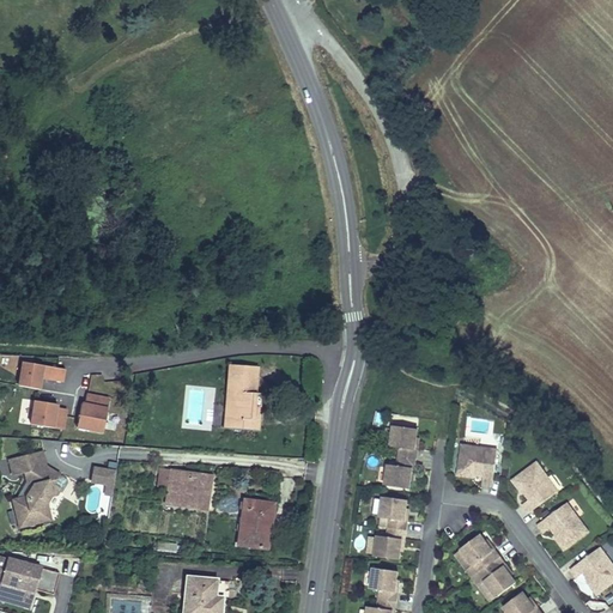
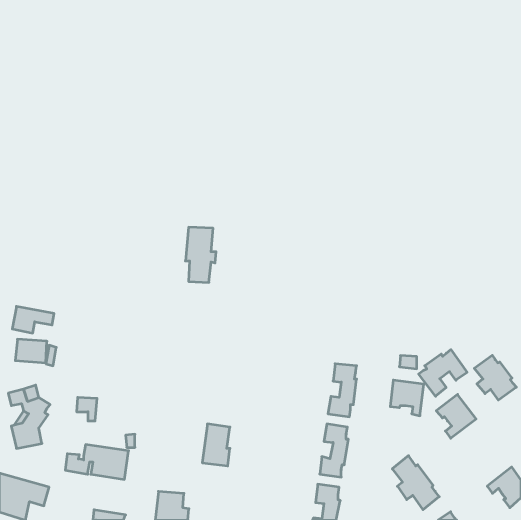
building: [225,363,261,427] -> [185,227,216,282]
building: [75,390,107,432] -> none
building: none -> [419,350,467,396]
building: none -> [474,355,516,400]
building: [135,467,210,508] -> [65,445,129,479]
building: [538,503,588,551] -> none

